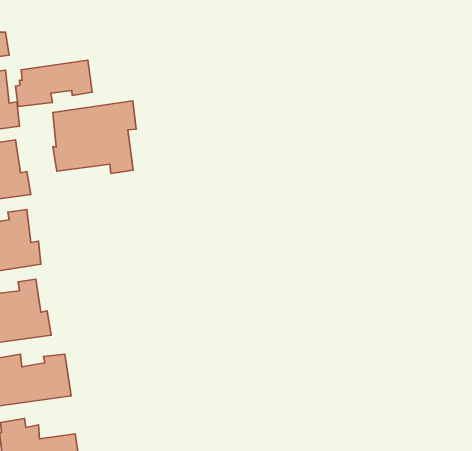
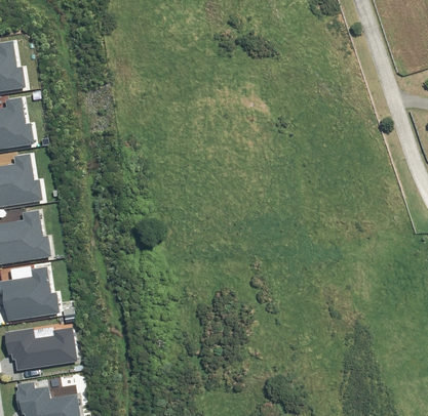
building: [15,60,92,106] -> none
building: [53,101,136,173] -> none

